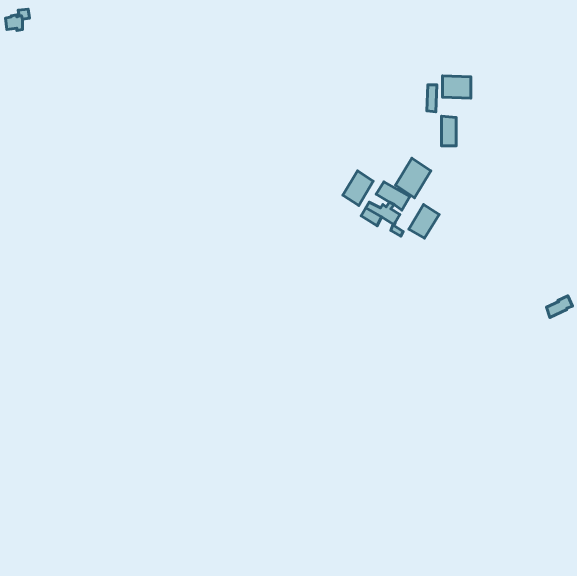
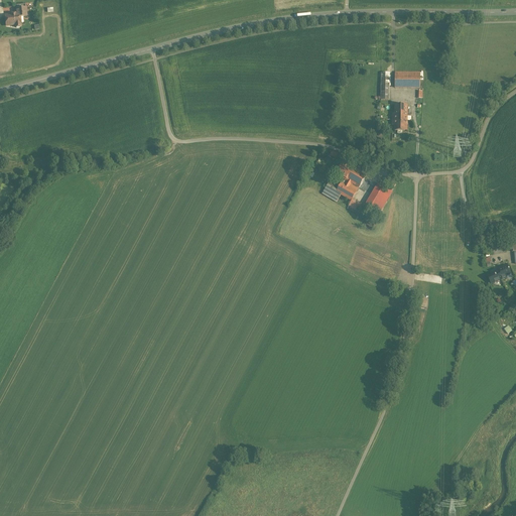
building: [395,158,431,198] -> none
building: [343,171,373,206] -> none

